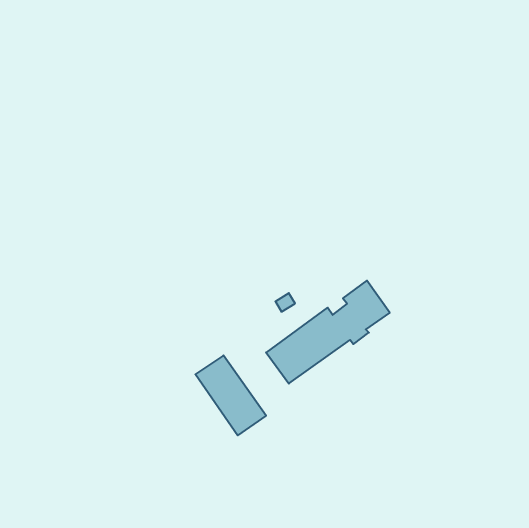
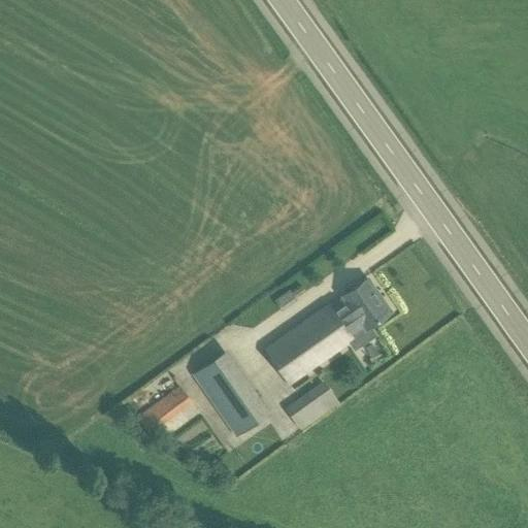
building: none -> [287,385,339,431]
building: none -> [135,387,190,435]

